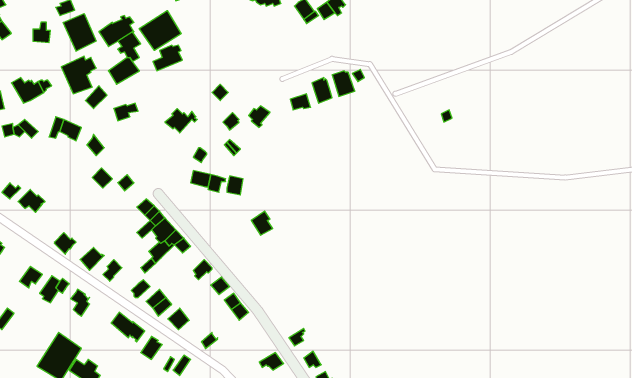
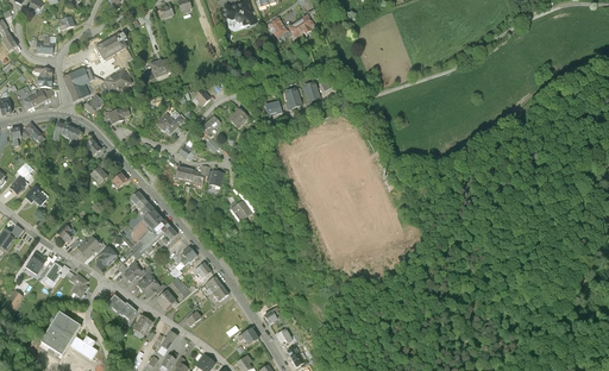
building: [139,11,181,50] -> none
building: [63,14,96,51] -> none

